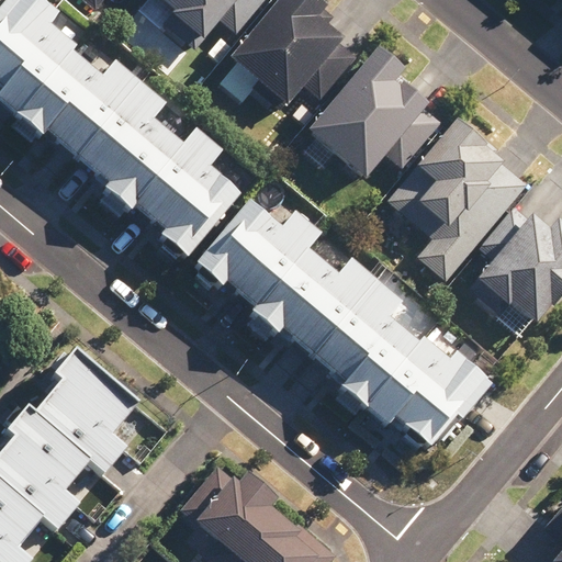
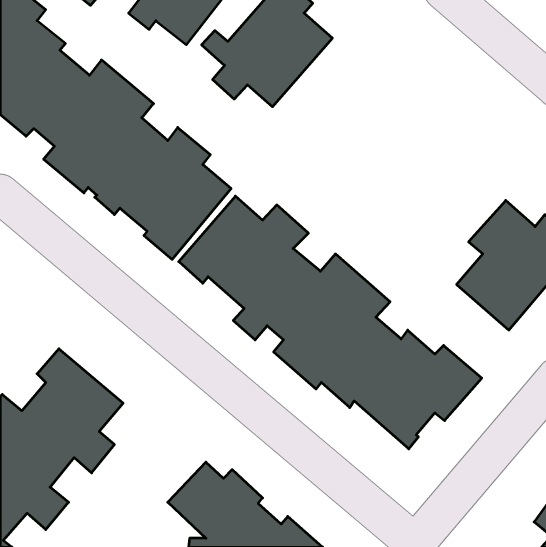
building: [297,45,429,179] -> none
building: [392,120,531,279] -> none

